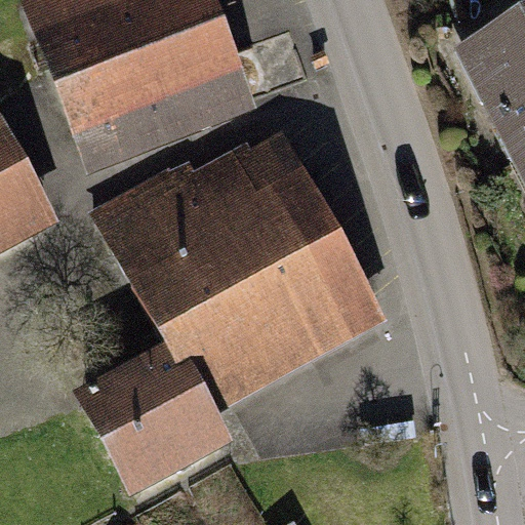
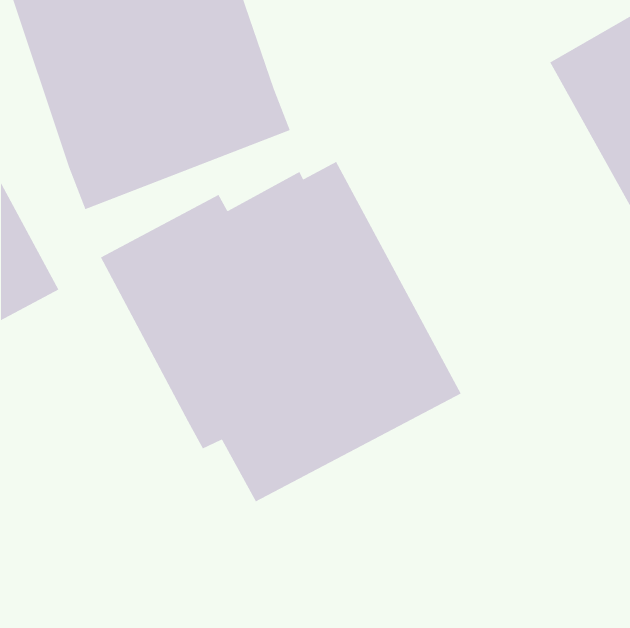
building: [75,341,237,494] -> none

